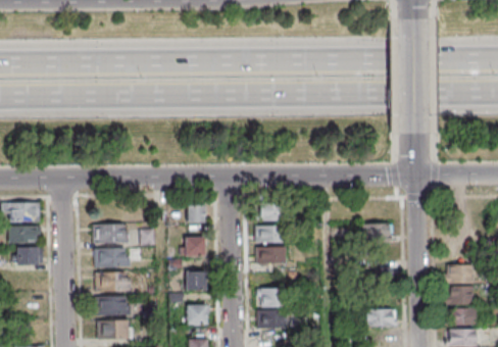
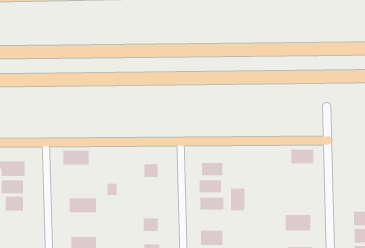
building: [93,225,127,243] -> [62,150,90,165]
building: [362,225,392,243] -> [290,149,314,164]
building: none -> [230,188,245,211]
building: [183,238,205,256] -> none
building: [96,271,130,291] -> none

